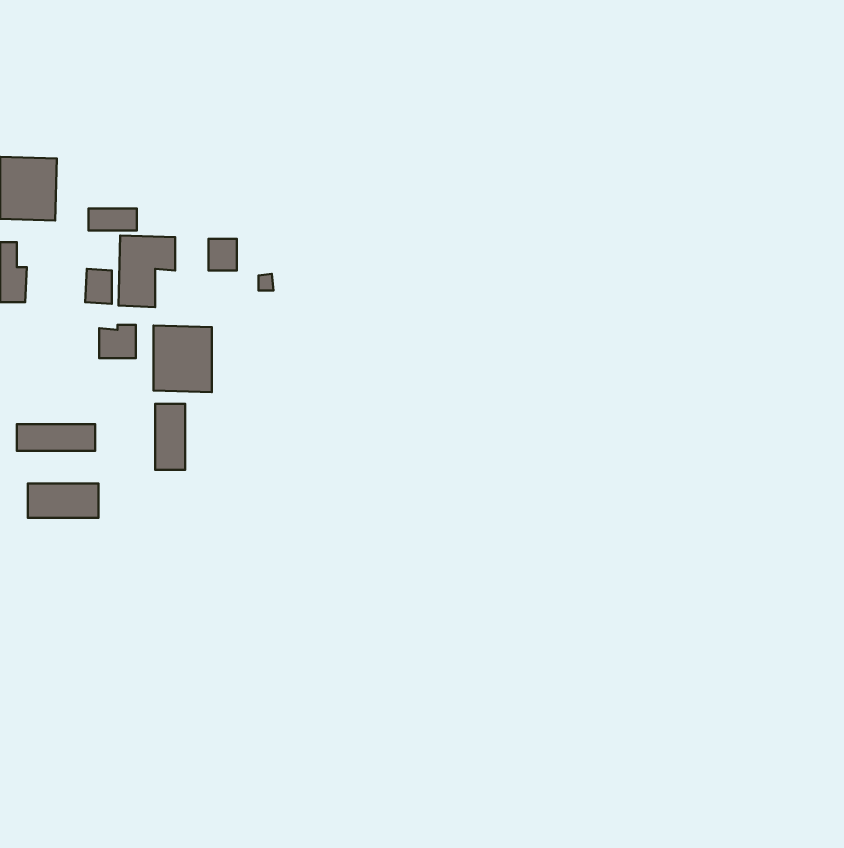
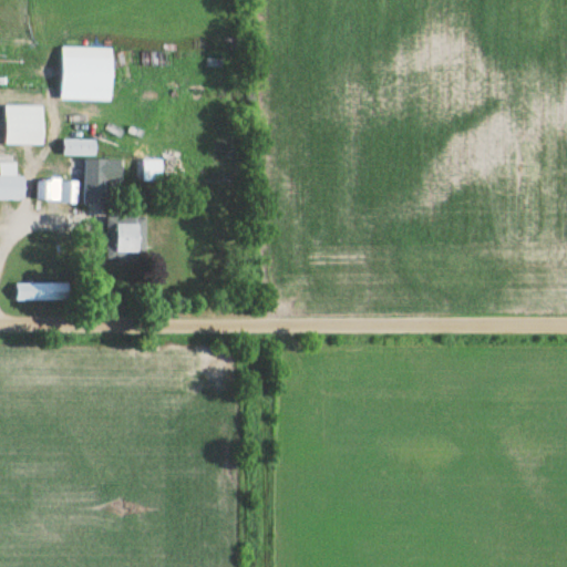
building: none -> [61,45,113,99]
building: [99,325,136,358] -> [38,176,62,198]
building: [155,404,185,470] -> none
building: [28,484,99,518] -> none

